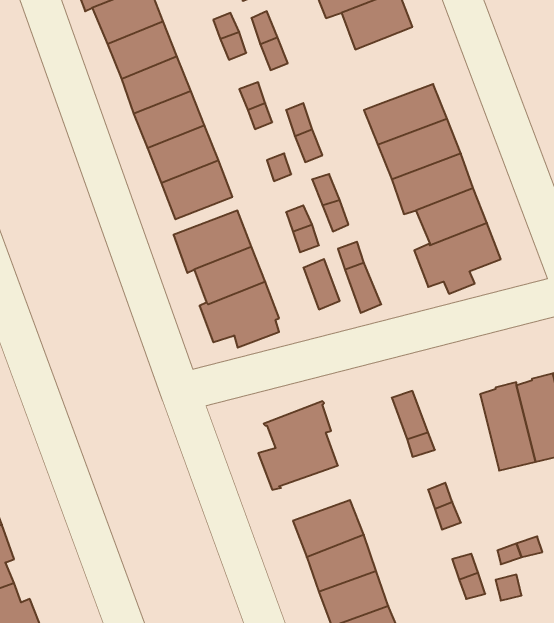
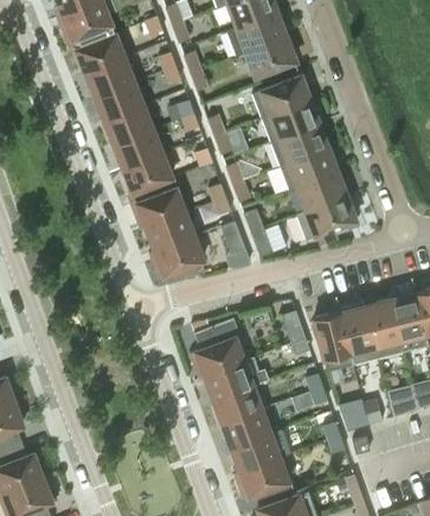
building: none -> [261,75,308,114]
building: none -> [313,312,353,371]
building: none -> [203,361,251,399]

